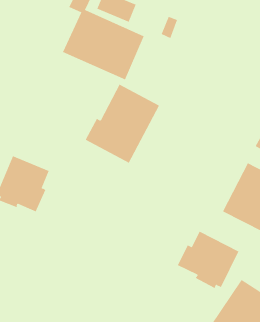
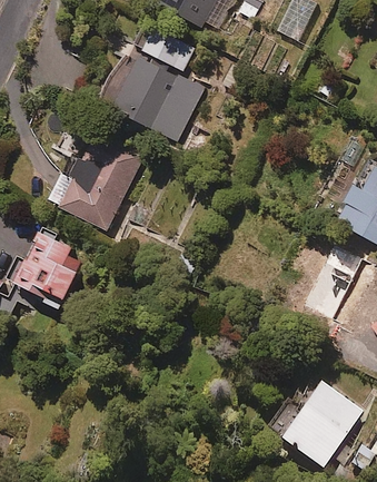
building: [85,84,160,163] -> [50,131,142,229]
building: [177,231,239,289] -> none

